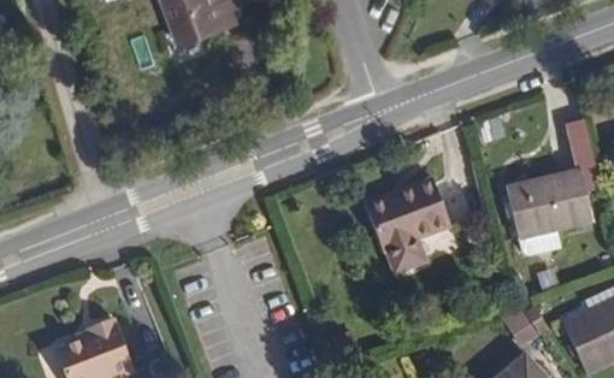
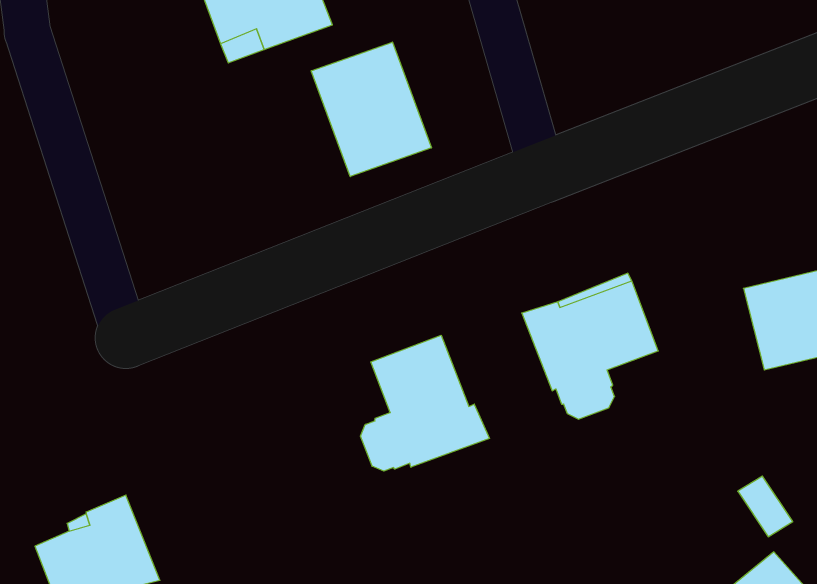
building: none -> [311,42,431,177]
building: none -> [361,335,489,471]

